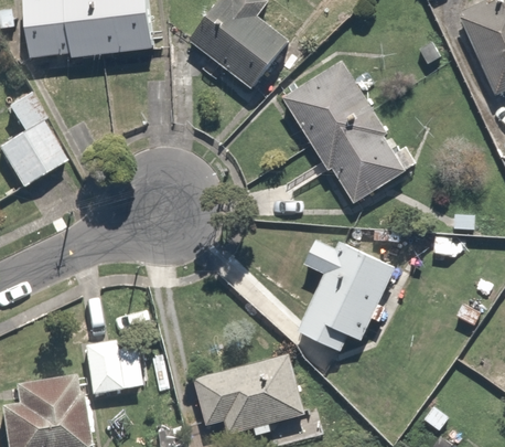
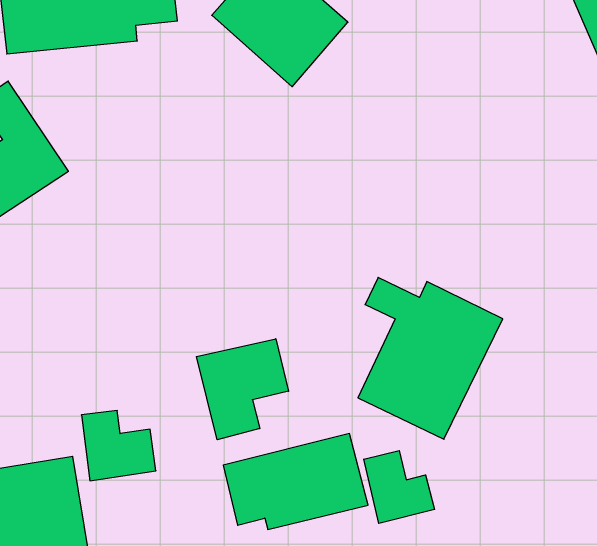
building: [287,61,408,203] -> none
building: none -> [196,339,289,440]
building: none -> [364,451,435,523]

